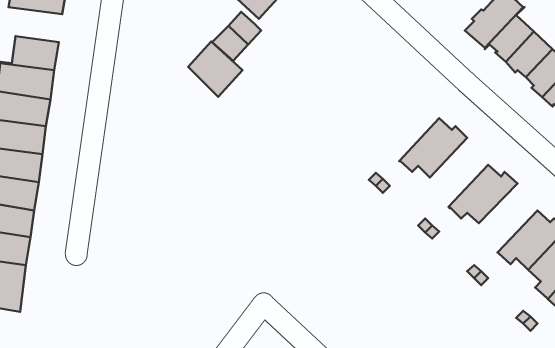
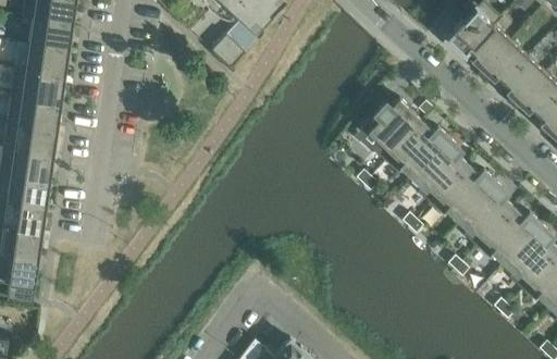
building: none -> [22,16,72,49]
building: [188,41,242,97] -> none
building: none -> [368,98,422,160]
building: none -> [413,138,468,202]
building: none -> [459,181,513,245]

